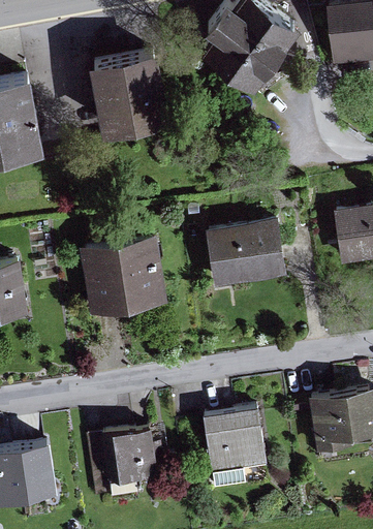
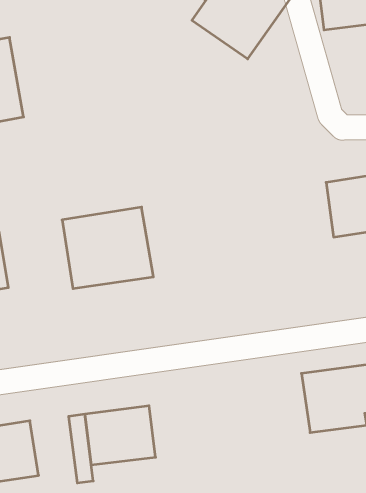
building: [88,48,168,132] -> none
building: [207,218,286,284] -> none
building: [203,407,266,490] -> none

